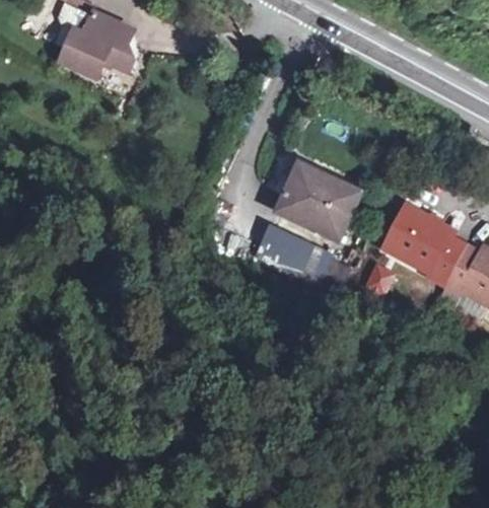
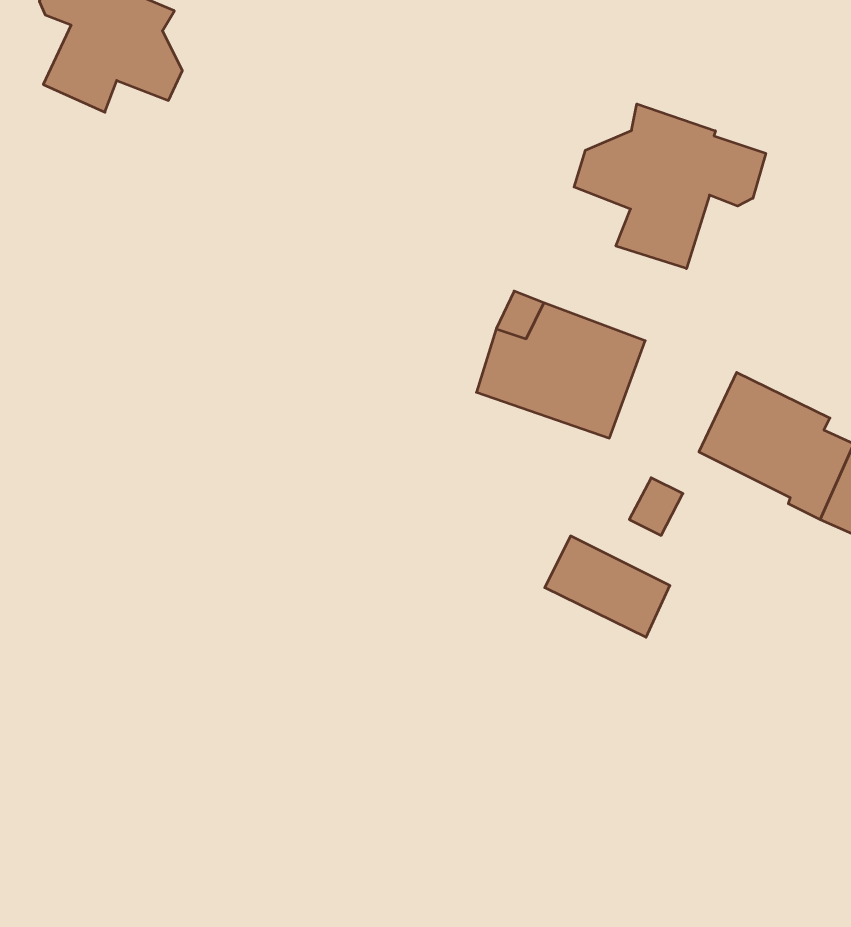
building: none -> [574,104,766,269]
building: [248,222,311,274] -> [545,536,670,637]

